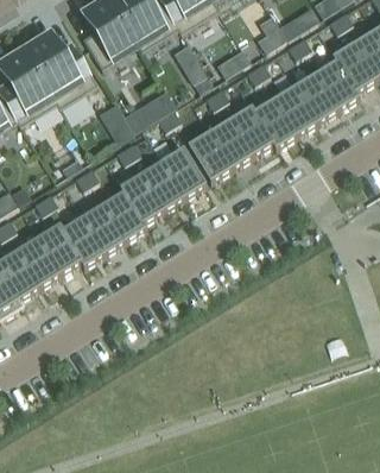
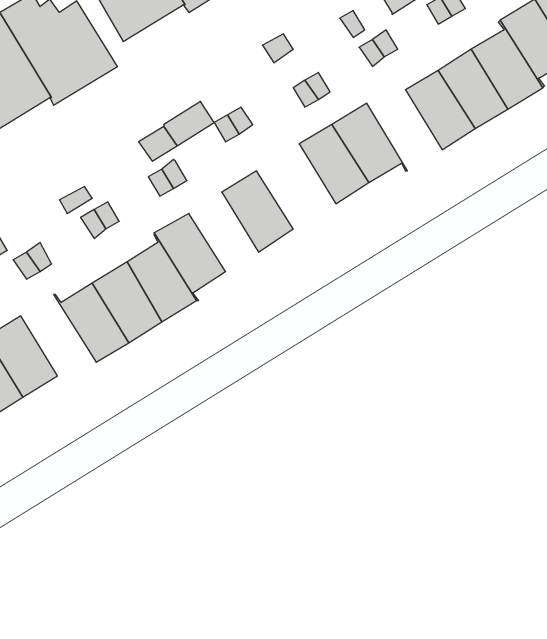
building: [251,95,297,145] -> none
building: [188,128,232,178] -> none
building: [141,158,184,207] -> none
building: [38,221,84,271] -> none

